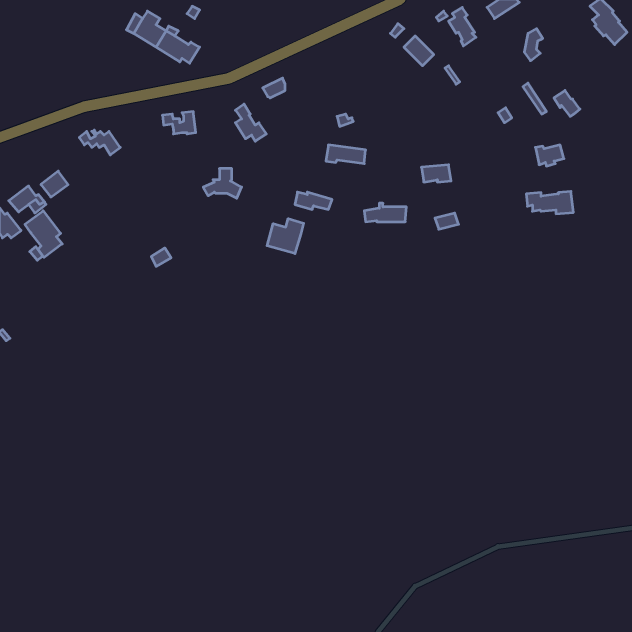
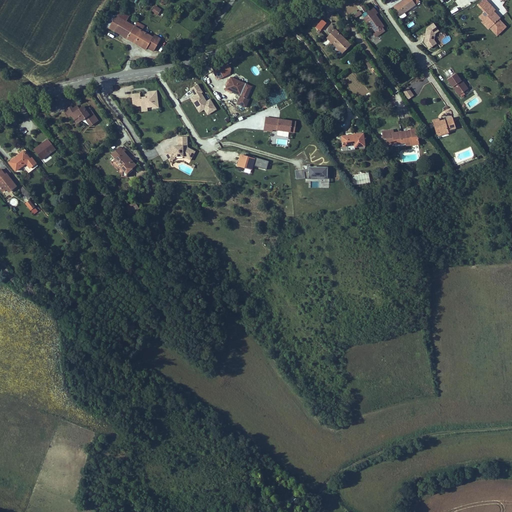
building: none -> [225,77,252,108]
building: none -> [110,146,136,177]
building: [526,191,573,214] -> [381,128,419,146]
building: [25,211,62,257] -> none
building: [267,219,304,254] -> none

